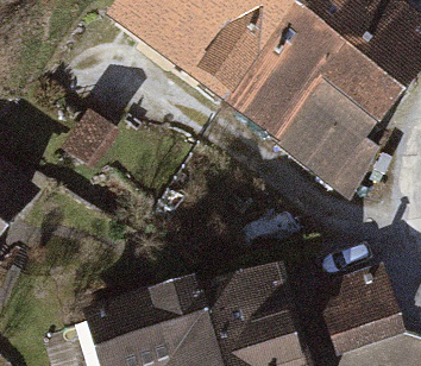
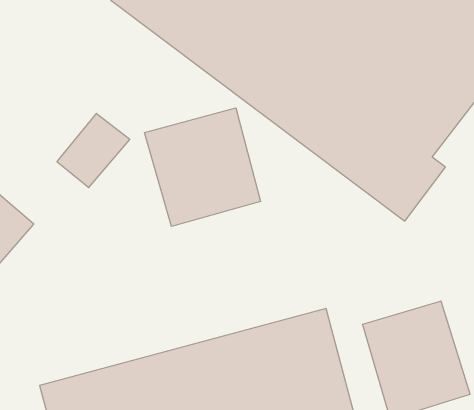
building: none -> [145,108,261,226]

